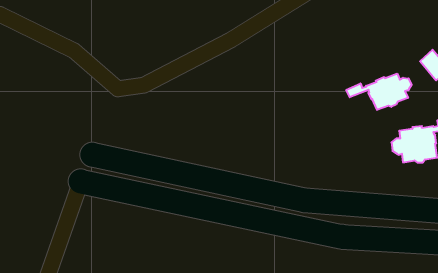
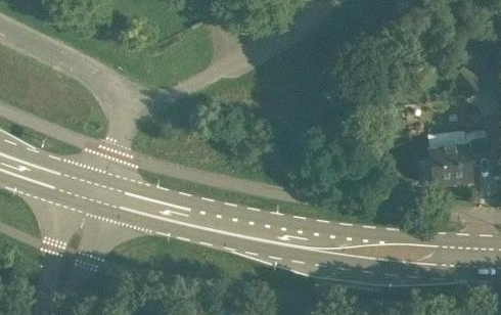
building: [346,74,412,110] -> none

